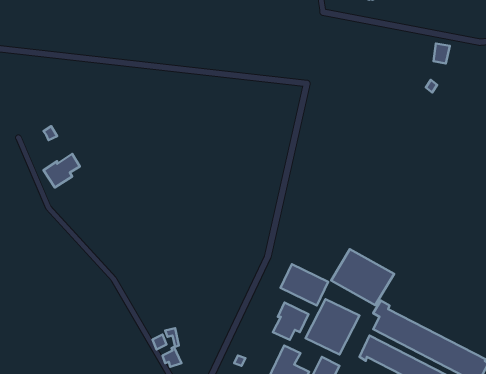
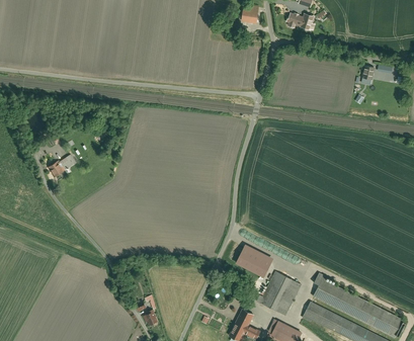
building: [331,249,394,305] -> none
building: [273,303,309,340] -> none

